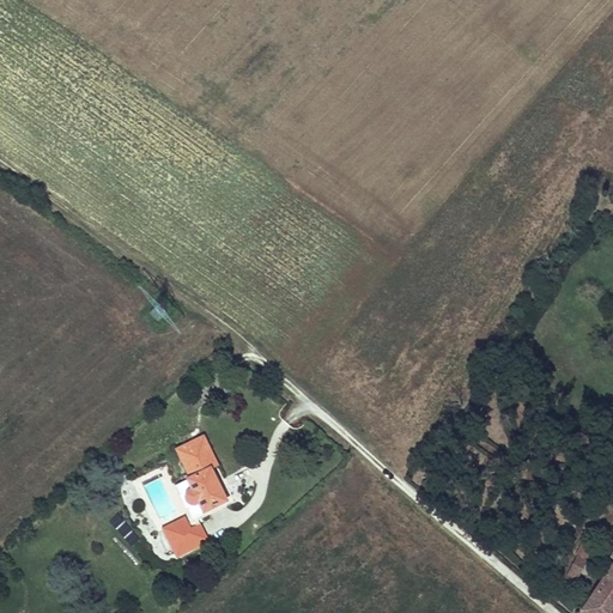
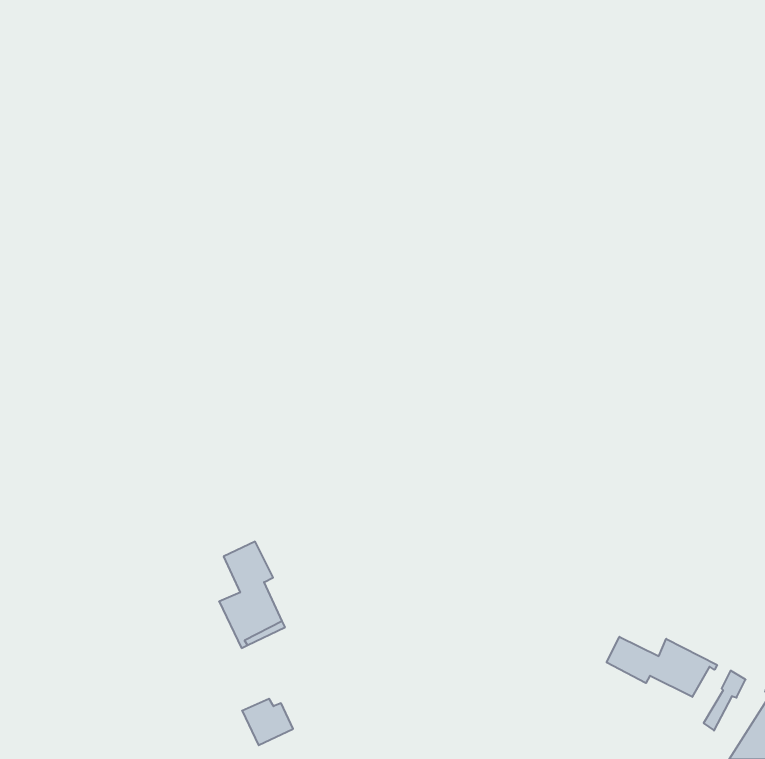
building: none -> [607,637,717,697]
building: [168,520,208,557] -> [242,699,293,745]

